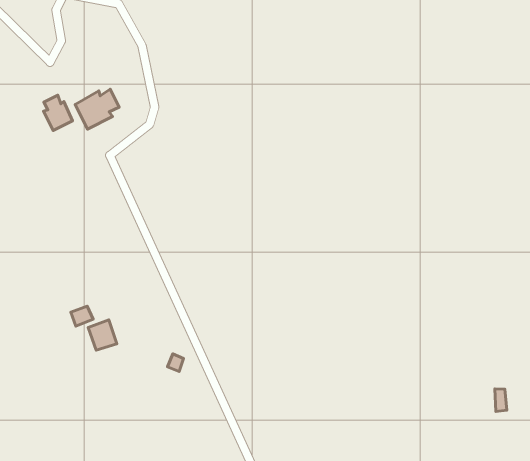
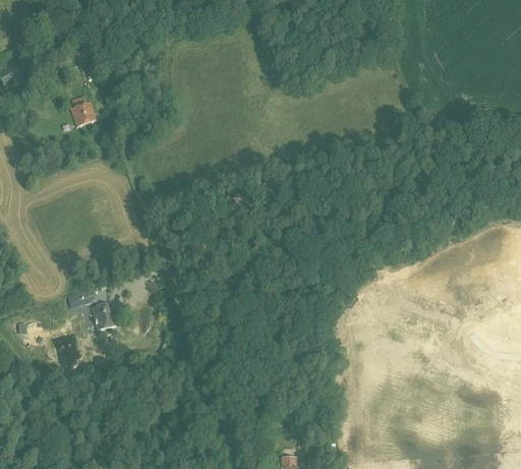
building: [75,89,119,129] -> none

